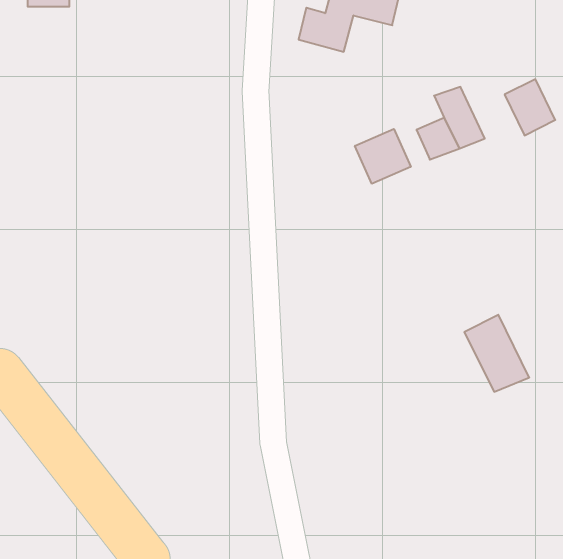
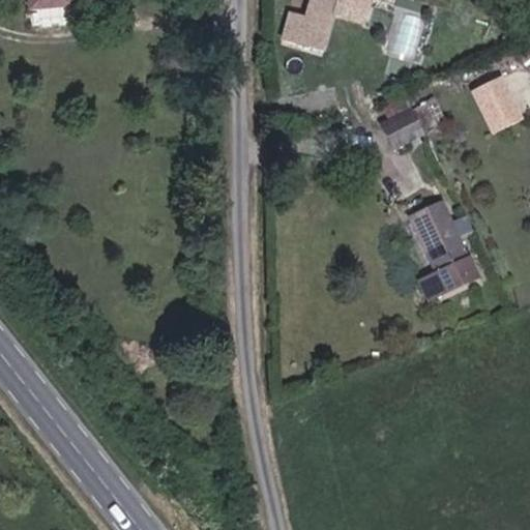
building: [355,129,411,184] -> none
building: [464,315,529,392] -> [411,207,472,279]

